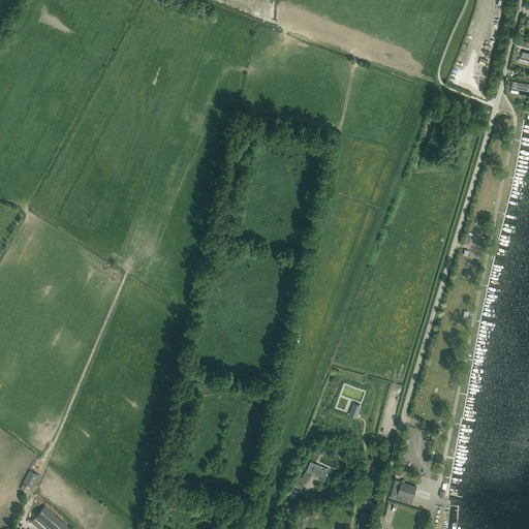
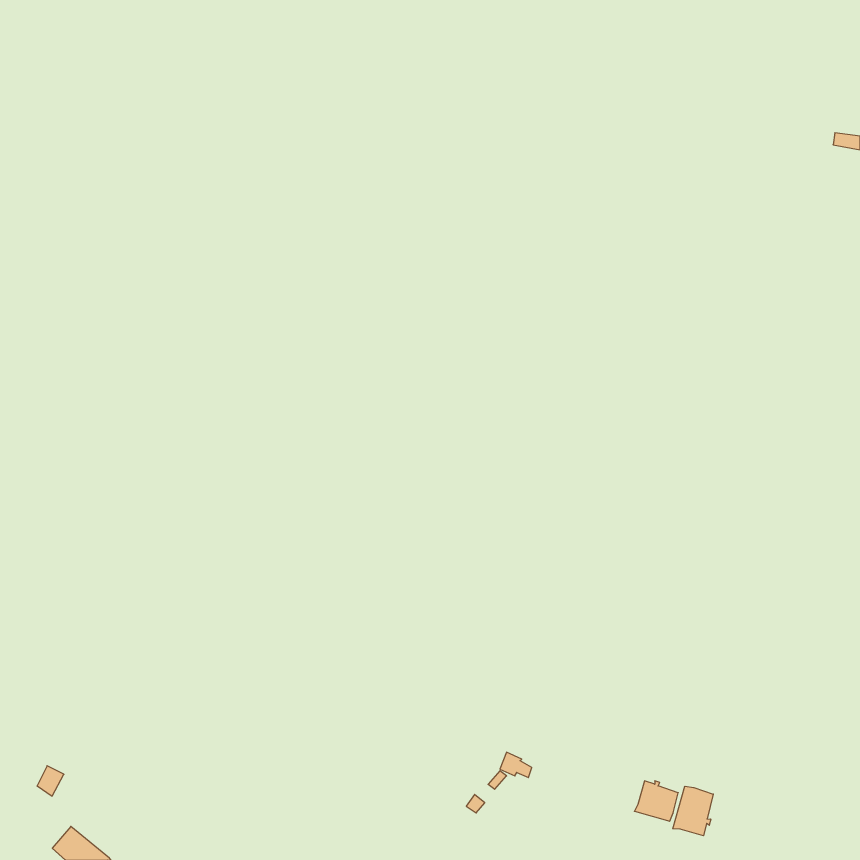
building: none -> [673,786,713,836]

